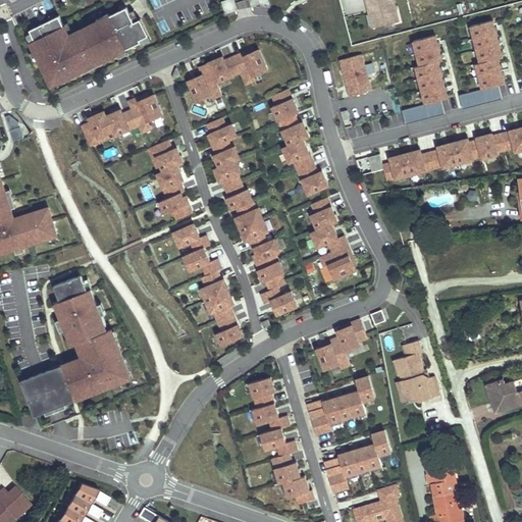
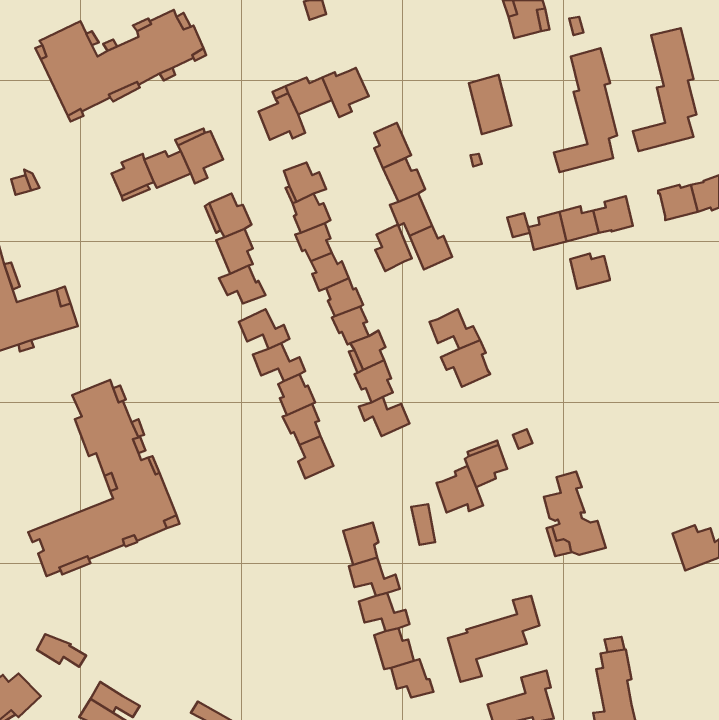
building: [452,139,480,164] -> [570,253,610,289]
building: [309,198,335,231] -> [375,224,412,271]
building: [306,376,373,435] -> none
building: [72,482,108,506] -> [37,634,86,667]

